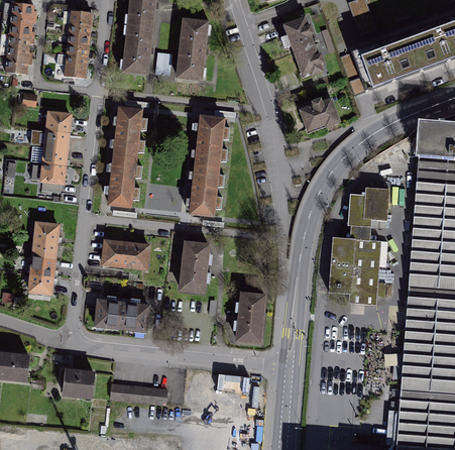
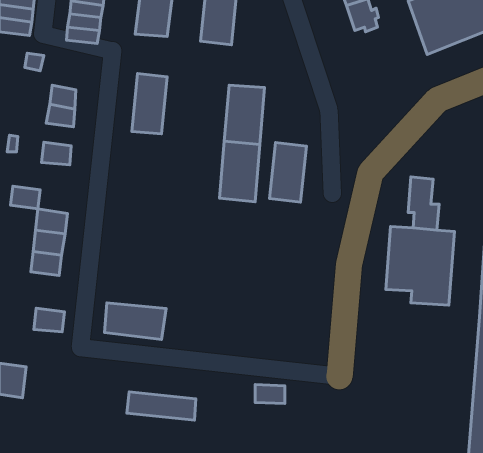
building: [301,93,341,129] -> none
building: [39,149,65,168] -> [11,186,40,209]
building: [109,156,139,208] -> none
building: [368,187,394,220] -> none
building: [102,239,148,269] -> none
building: [177,243,208,294] -> [270,143,306,202]
building: [26,275,52,296] -> [34,308,65,332]
building: [233,293,260,344] -> none
building: [59,370,90,398] -> none

